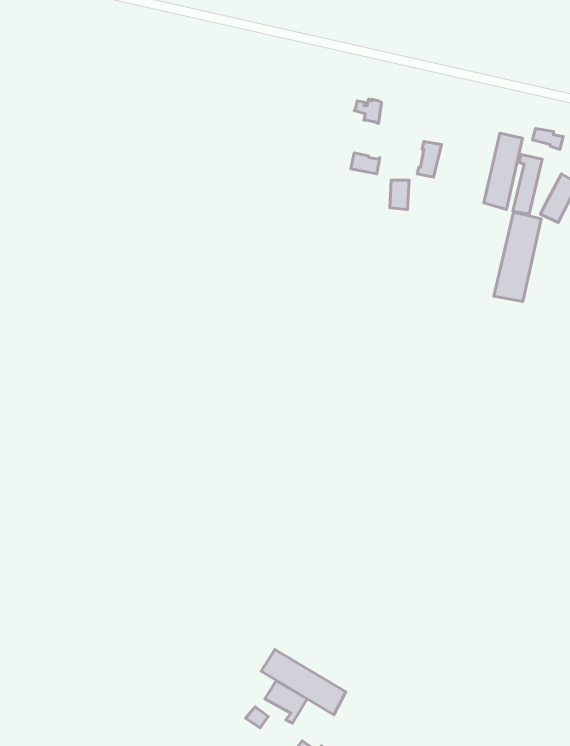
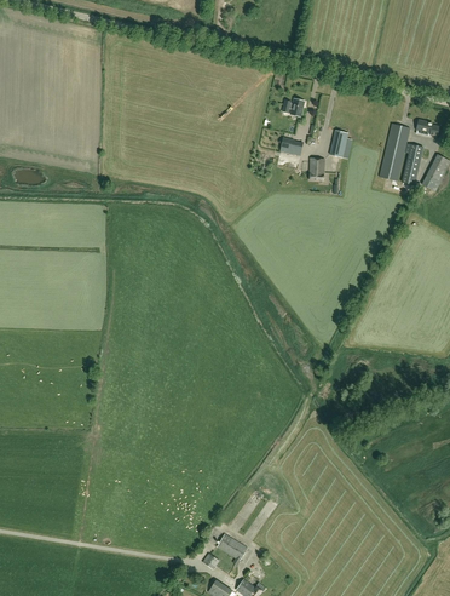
building: [494,212,541,301] -> none
building: [261,650,346,715] -> none

